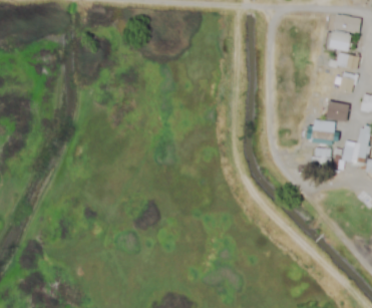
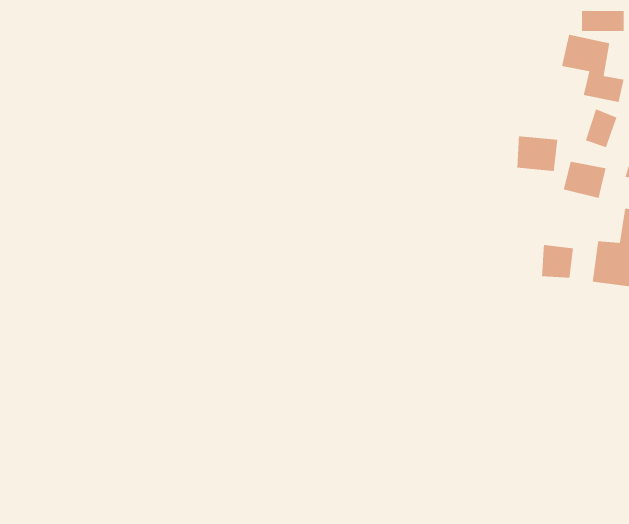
building: [313,119,336,139] -> [516,136,558,172]

